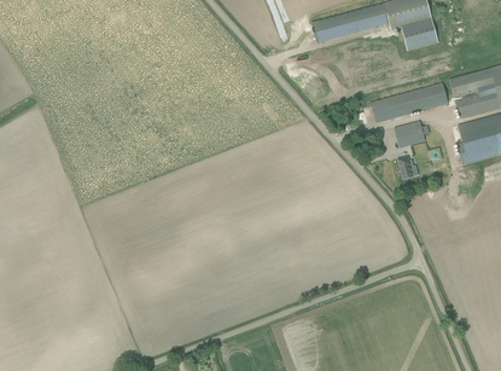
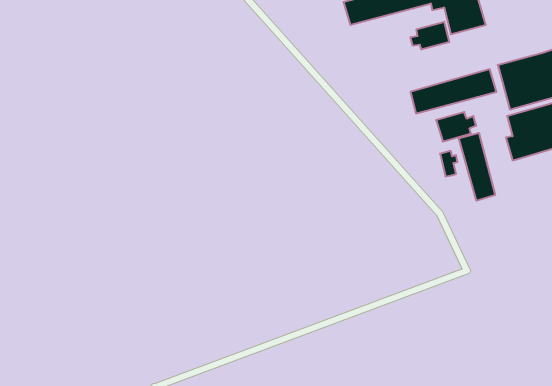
building: none -> [411,22,449,50]
building: none -> [459,133,495,201]

